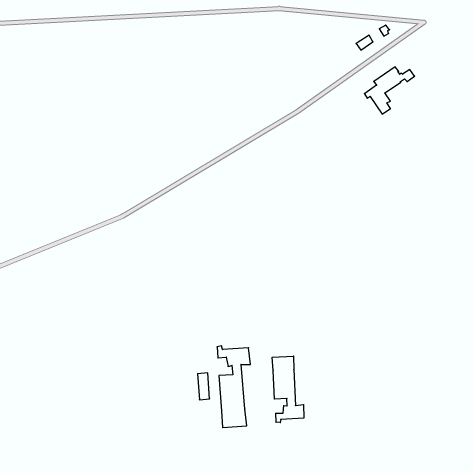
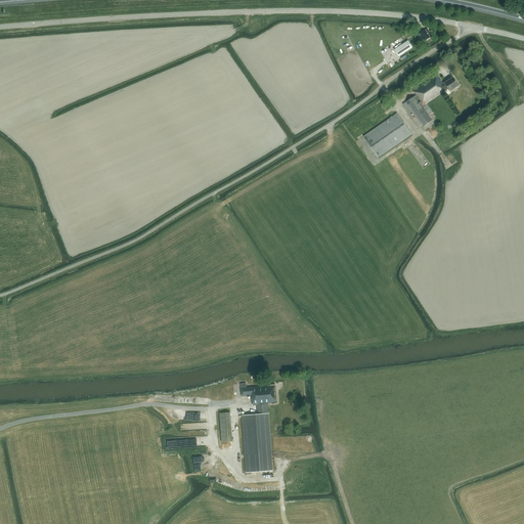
building: none -> [362,113,410,157]
building: [272,356,304,423] -> none

